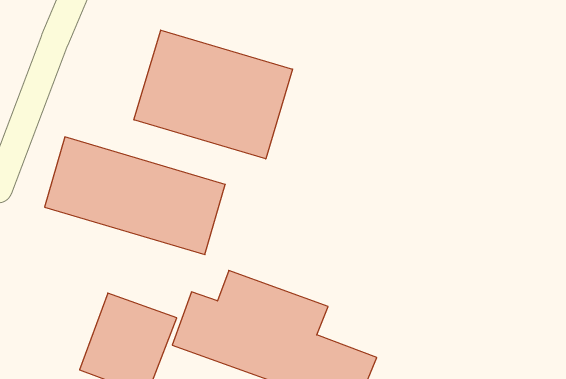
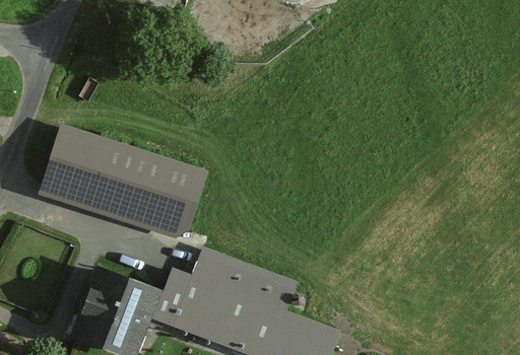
building: [134,30,293,159] -> none

